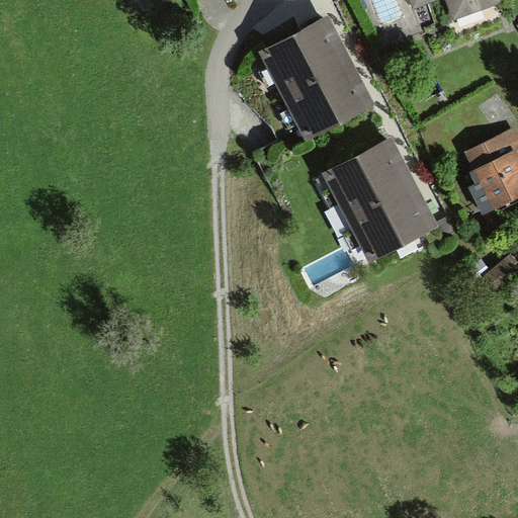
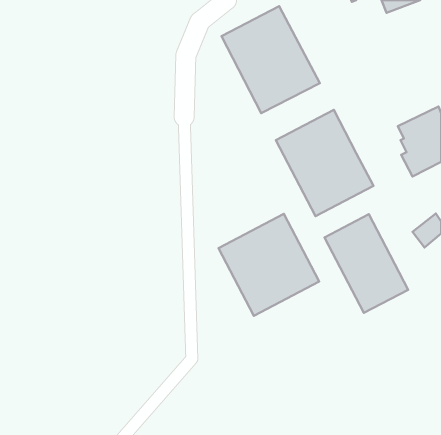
building: none -> [218,214,319,316]
building: none -> [324,214,408,313]

